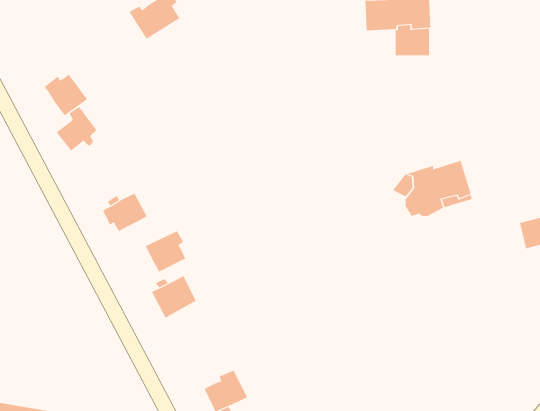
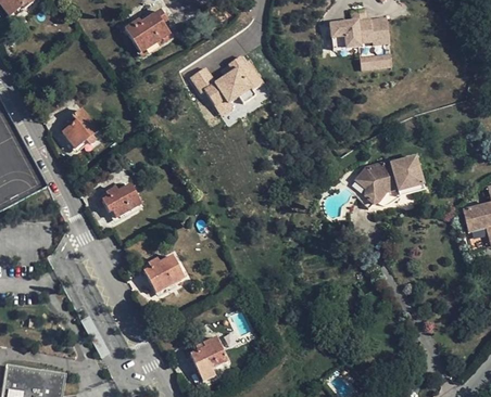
building: none -> [190,54,265,115]
building: [44,74,88,116] -> none
building: [145,230,186,272] -> none

